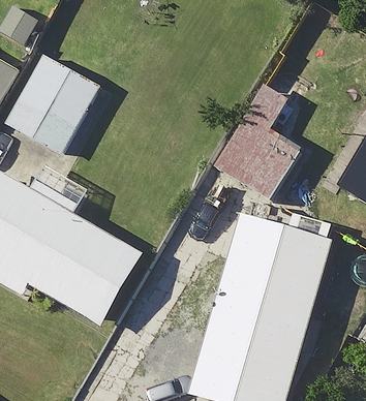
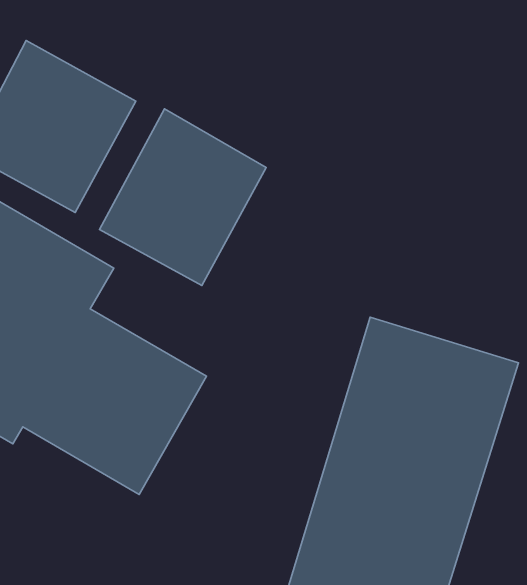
building: none -> [100,109,266,286]
building: [209,112,300,198] -> none

